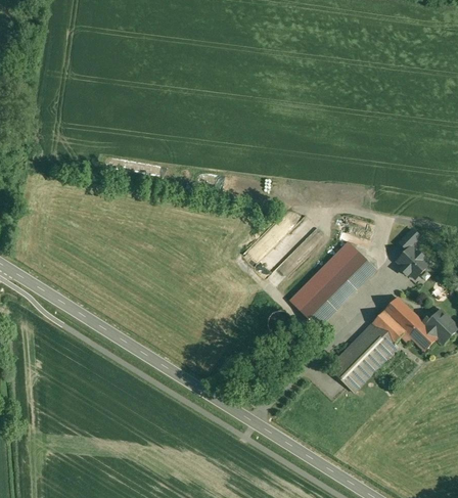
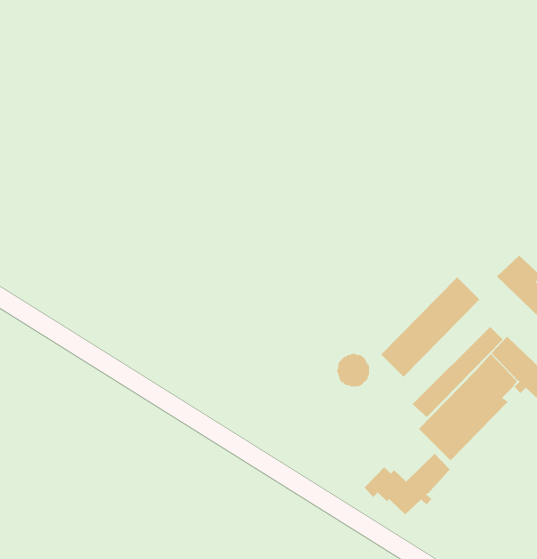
building: [289,240,359,310] -> [412,326,504,418]
building: none -> [364,453,451,515]

